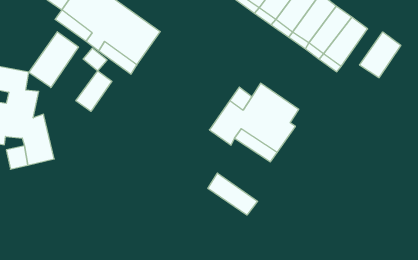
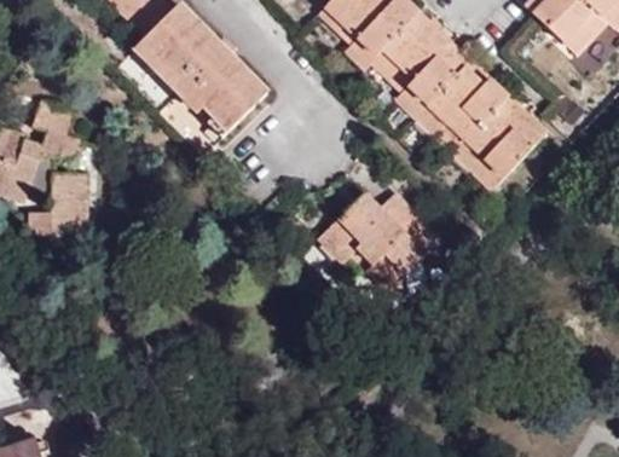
building: [29,32,78,88] -> none
building: [360,32,401,78] -> none
building: [76,71,112,111] -> none
building: [208,173,258,215] -> none

